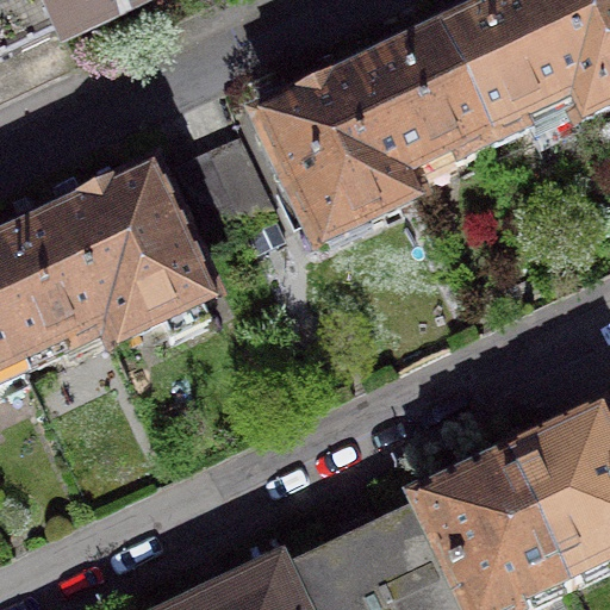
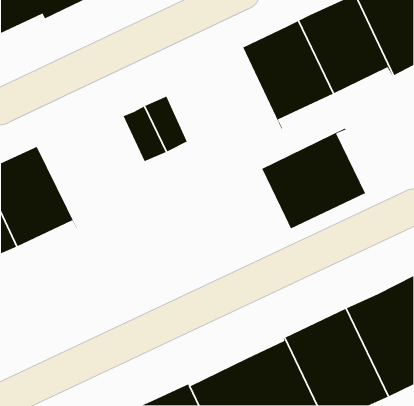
building: [259,69,413,237] -> none
building: [55,168,211,336] -> none
building: none -> [261,127,366,229]

